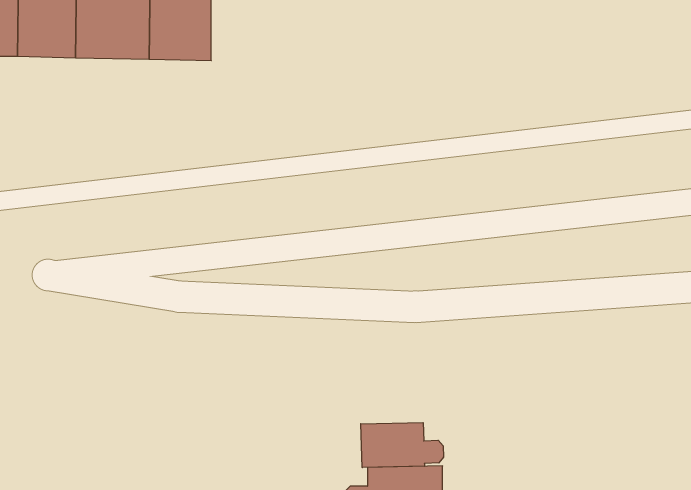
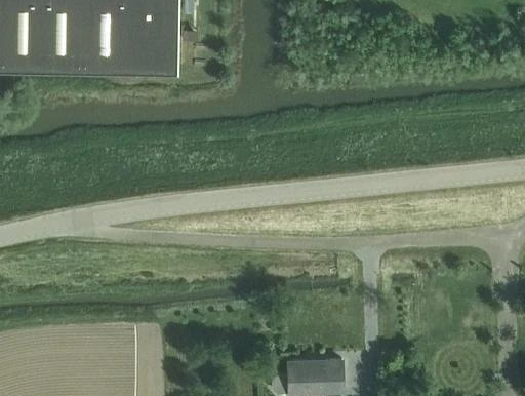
building: [361,423,443,468] -> none

